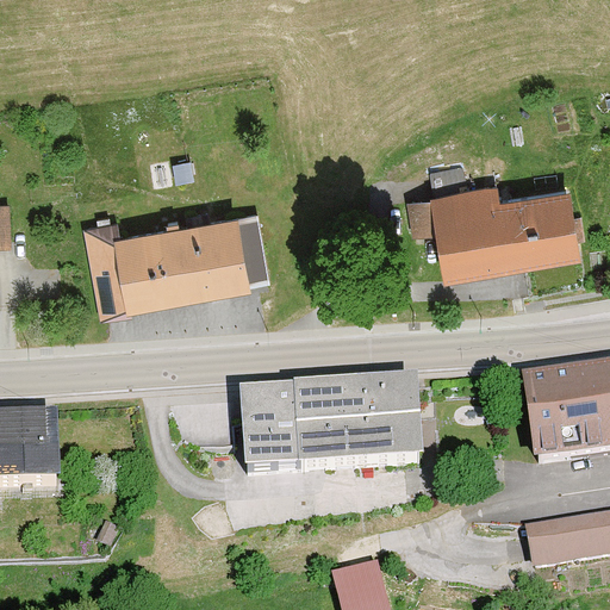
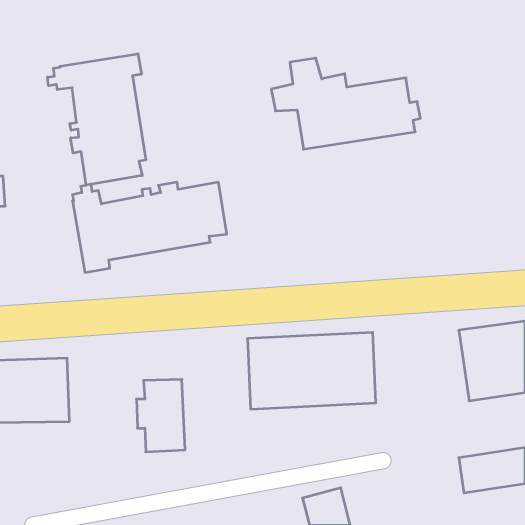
building: none -> [48,54,146,185]
building: [406,163,578,268] -> [271,58,420,149]
building: [232,390,288,473] -> [136,379,185,452]

